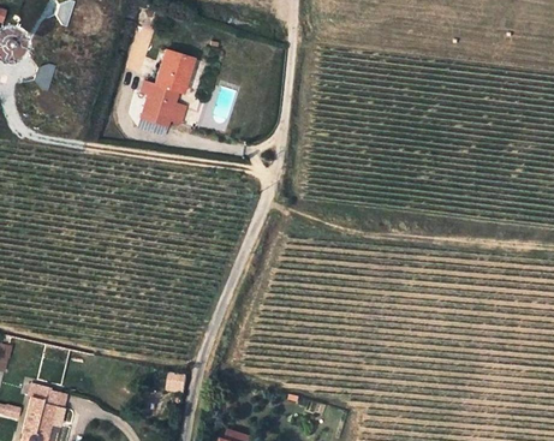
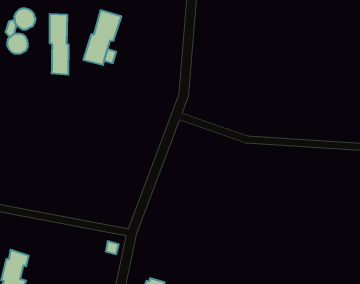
building: none -> [50,14,68,75]

